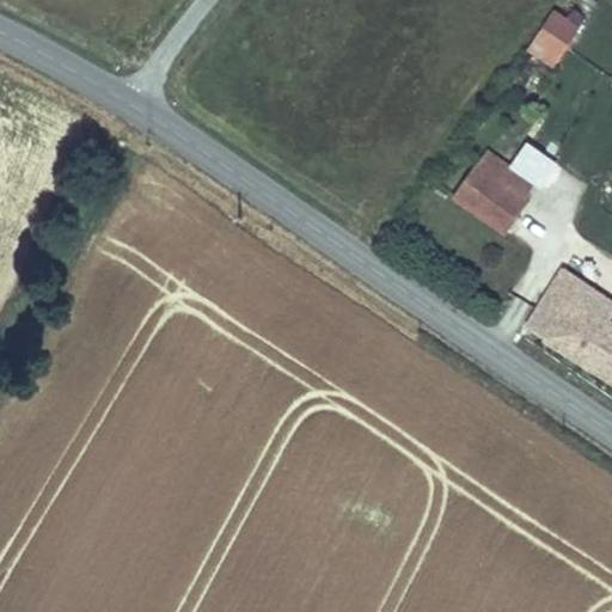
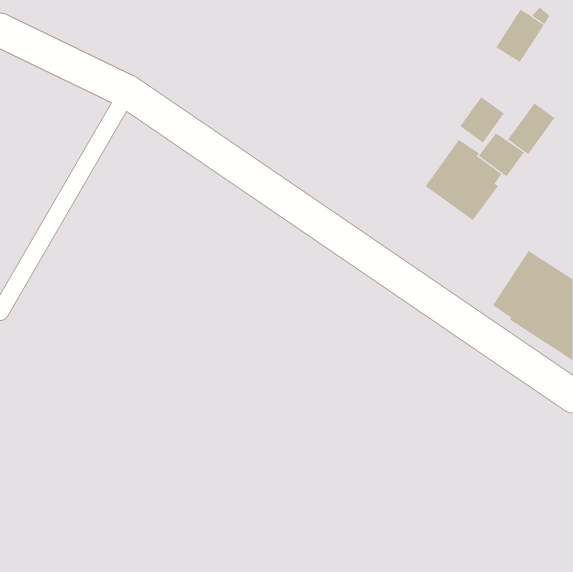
building: none -> [459,96,504,143]
building: none -> [508,103,555,155]

